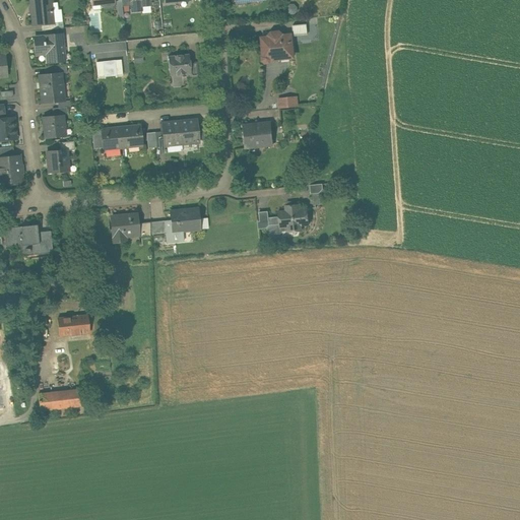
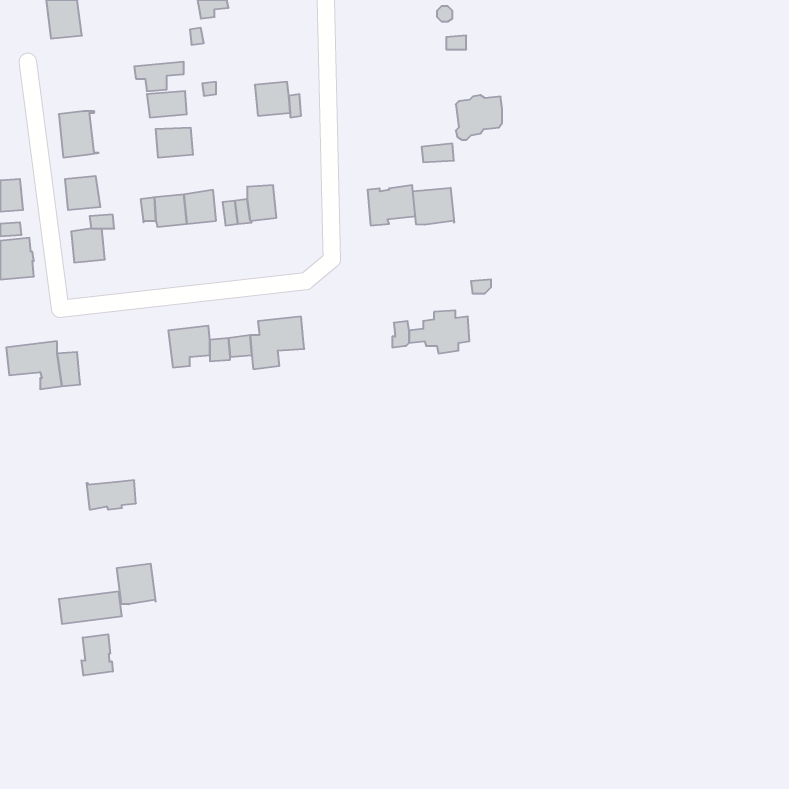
building: [262,34,292,63] -> [456,95,502,140]
building: [35,35,65,62] -> none
building: none -> [156,128,193,158]
building: [180,120,199,143] -> none
building: none -> [413,188,454,225]
building: none -> [117,564,156,604]
building: none -> [81,634,113,676]

